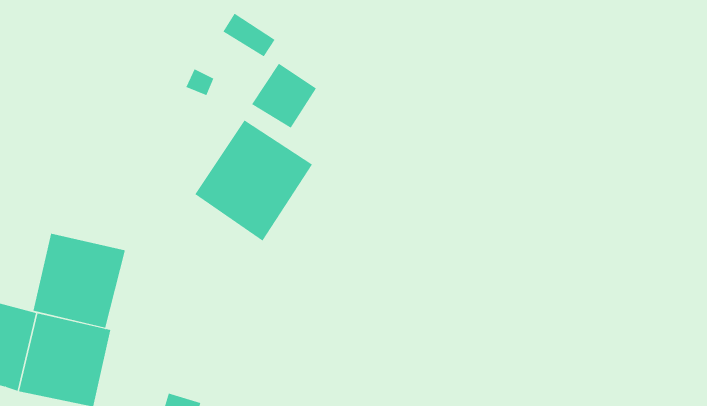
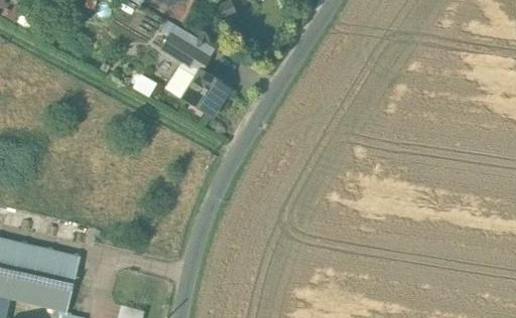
building: [194,120,313,242] -> none
building: [33,233,125,329] -> none

